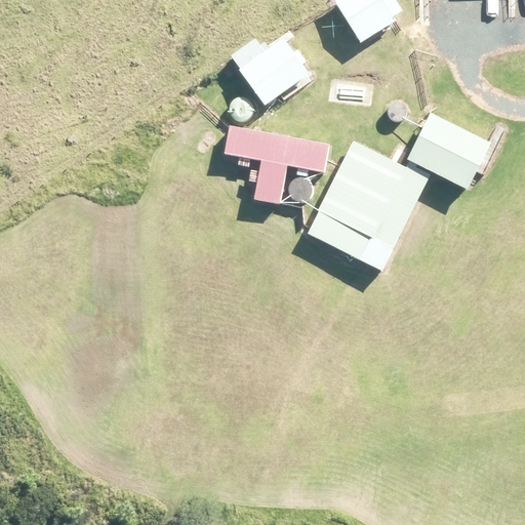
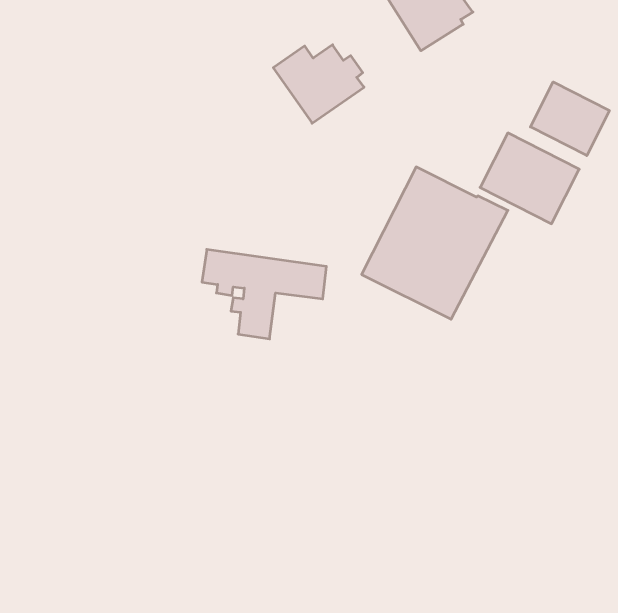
building: none -> [530,82,609,156]
building: [225,127,330,203] -> [202,249,326,339]

